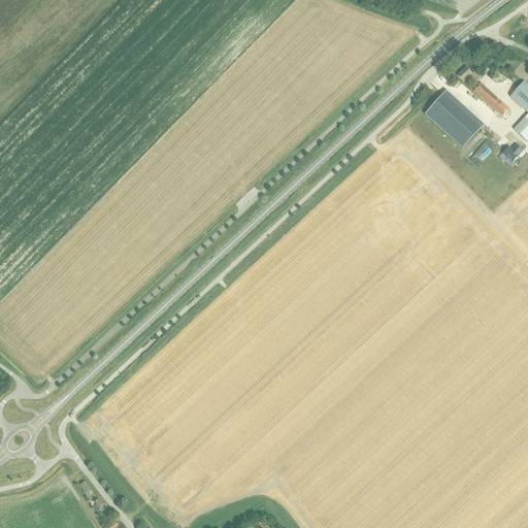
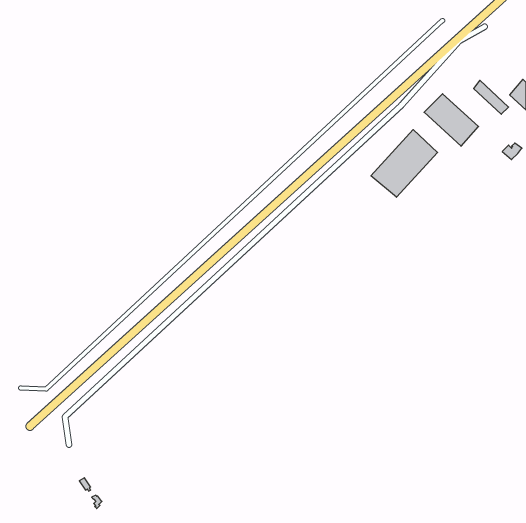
building: none -> [371,130,438,197]

